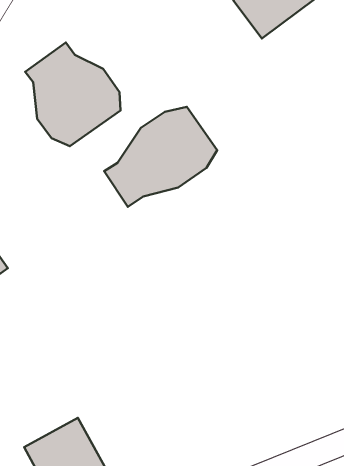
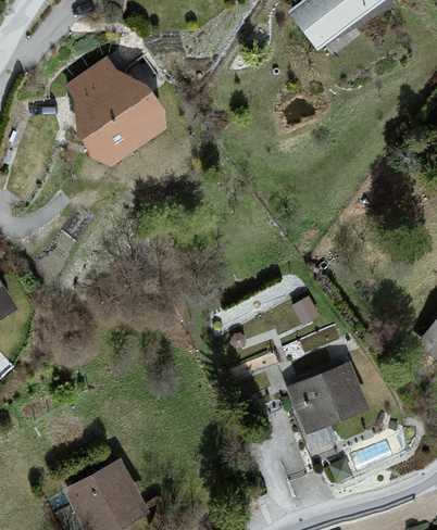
building: [104,107,217,207] -> none
building: none -> [280,345,367,455]

